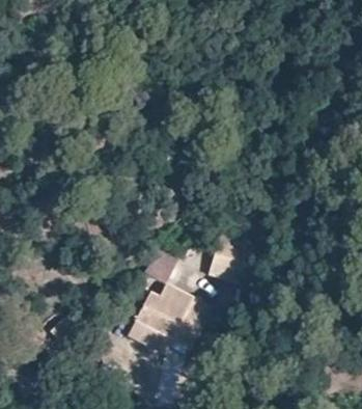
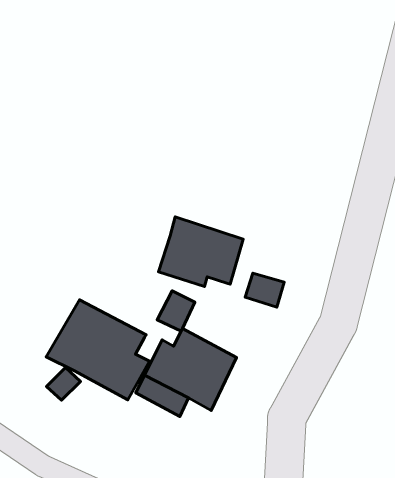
building: none -> [159,217,243,286]
building: none -> [46,300,150,400]

